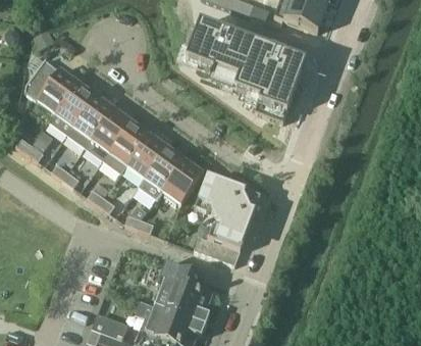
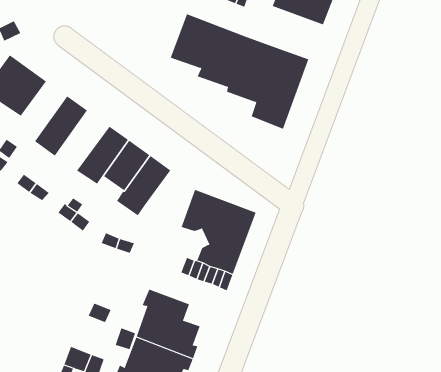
building: [48,82,94,134] -> none
building: [84,107,130,159] -> none
building: [162,159,203,203] -> none

